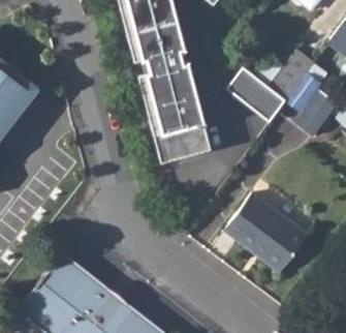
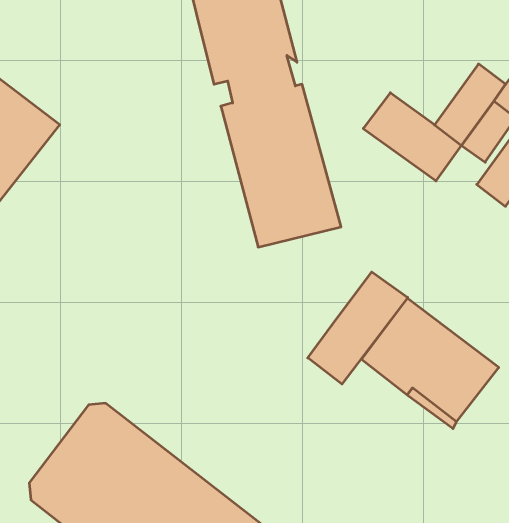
building: none -> [308,272,408,384]

